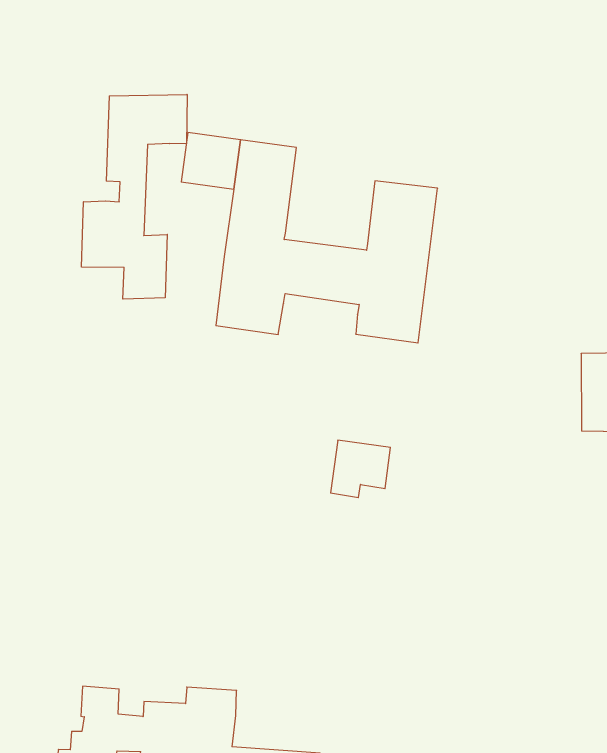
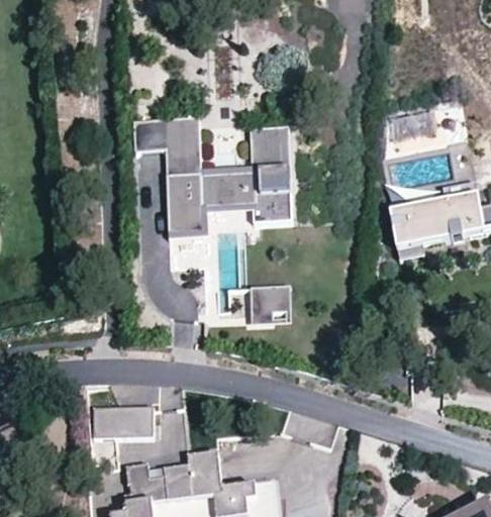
building: [82,94,187,299] -> none
building: none -> [91,407,153,437]

